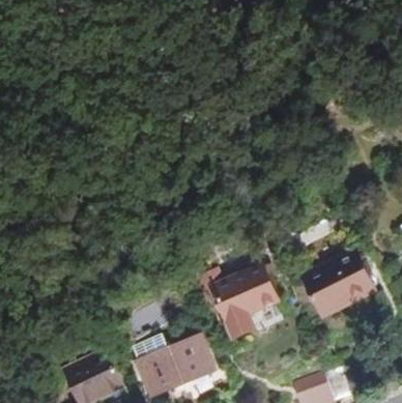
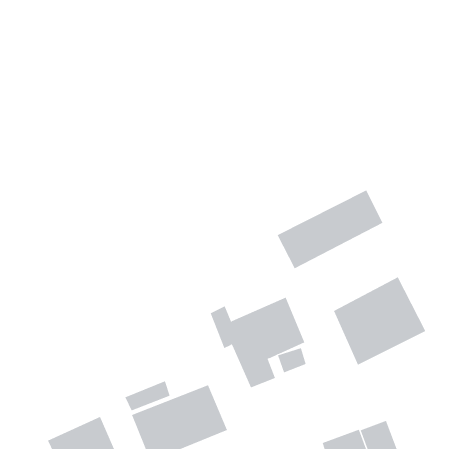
building: none -> [277,189,383,269]

